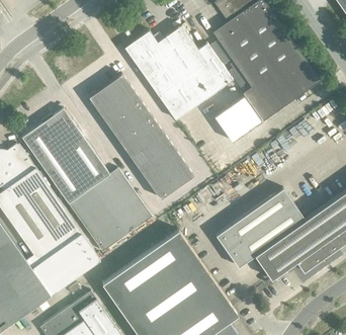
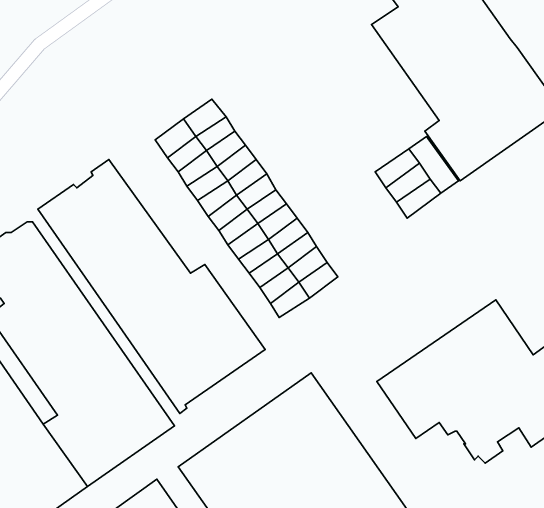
building: [124,25,233,120] -> none

